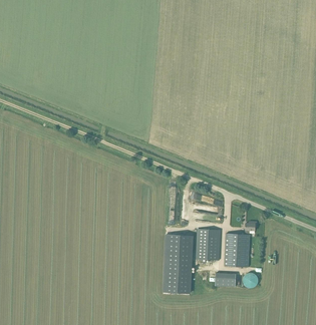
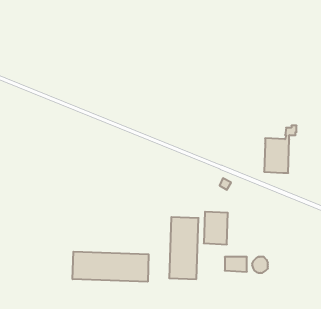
building: [225,221,256,266] -> [264,126,297,173]
building: none -> [73,252,149,282]

